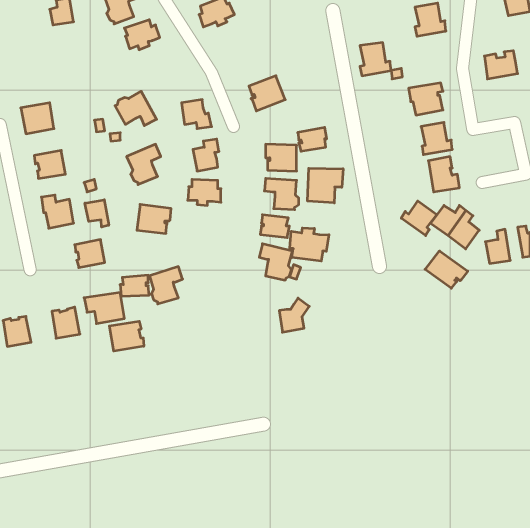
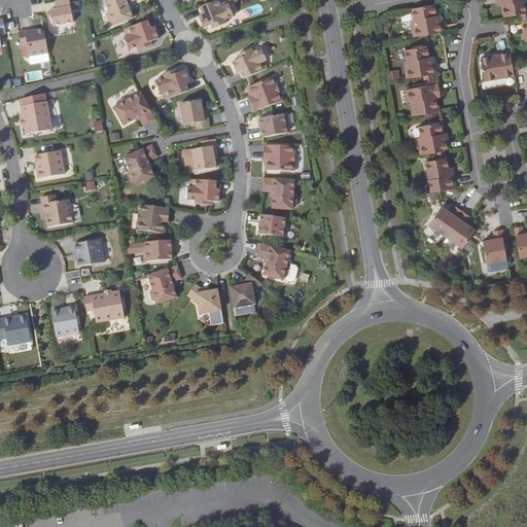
building: none -> [17,28,48,56]
building: [360,43,391,76] -> [405,44,435,77]
building: none -> [232,47,268,77]
building: none -> [155,69,189,98]
building: [298,127,327,151] -> [259,112,288,136]
building: [308,168,343,203] -> none
building: [85,200,109,227] -> none
building: [401,201,437,236] -> none
building: [290,228,329,261] -> none
building: [425,251,468,288] -> none
building: [120,275,149,296] -> [143,239,172,259]
building: none -> [187,283,221,313]
building: [279,298,309,332] -> [231,273,260,307]
building: [109,321,144,351] -> none

